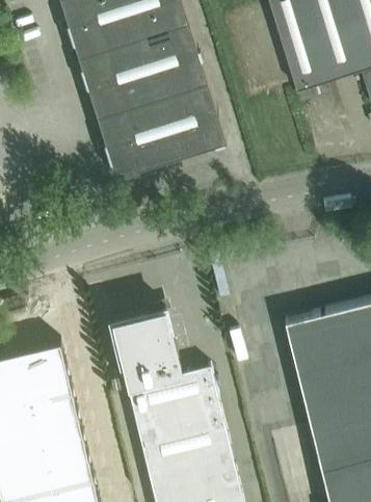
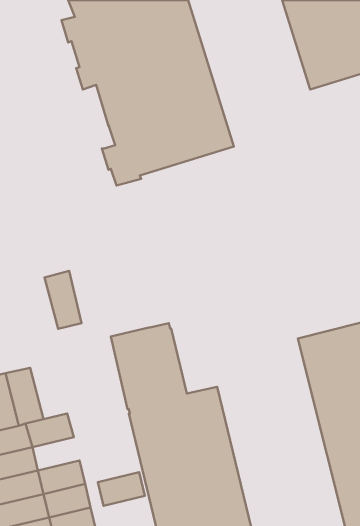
building: [36,342,71,396] -> [45,271,82,329]
building: [38,413,82,444] -> [98,472,145,506]

